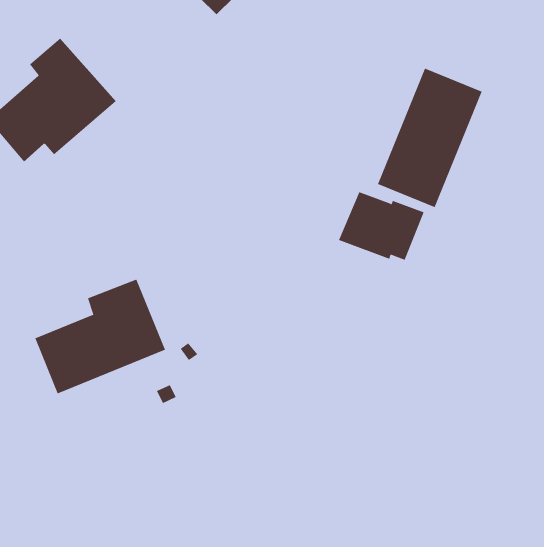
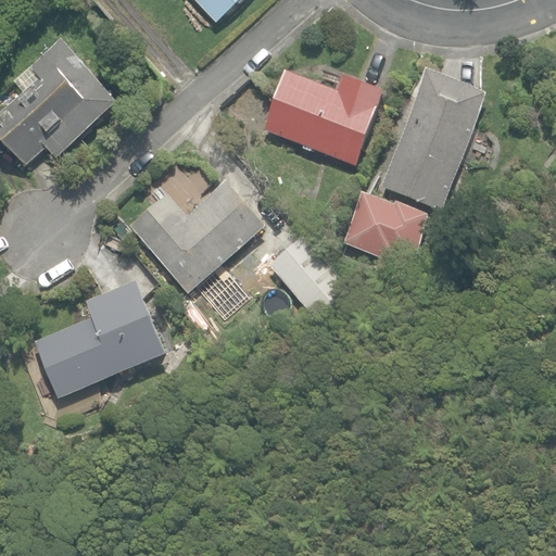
building: none -> [263,70,383,165]
building: none -> [129,179,265,291]
building: none -> [268,235,346,315]

